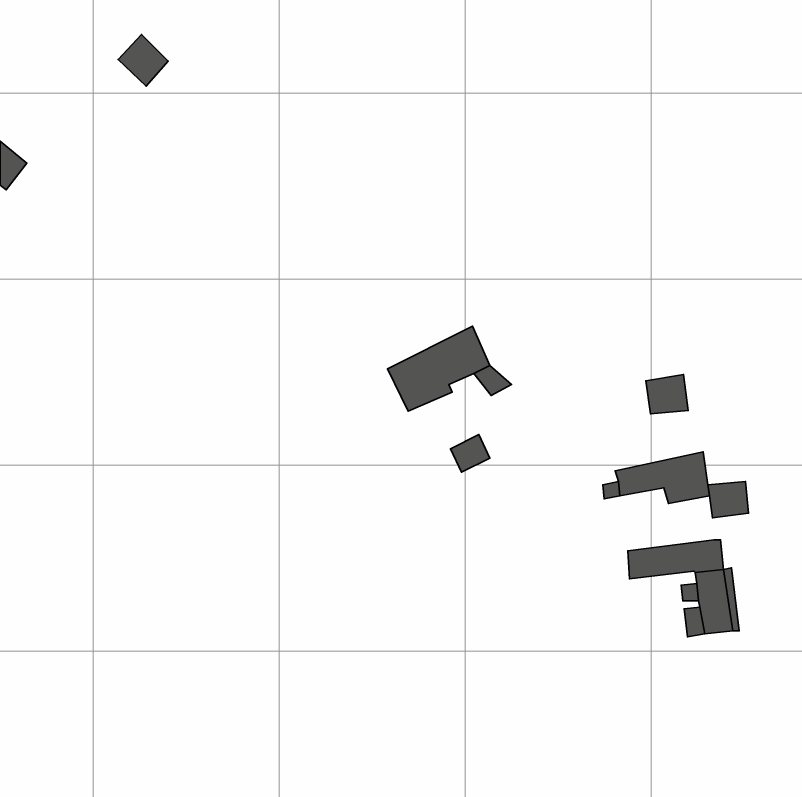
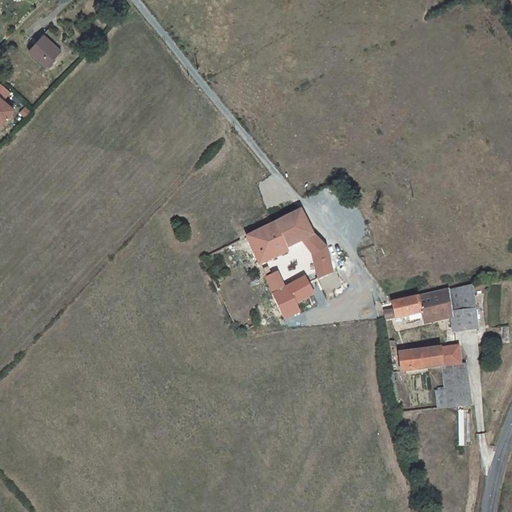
building: [118,34,168,86] -> [29,32,61,65]
building: [646,374,688,414] -> [448,284,475,309]
building: none -> [313,245,332,276]
building: none -> [266,270,298,316]

